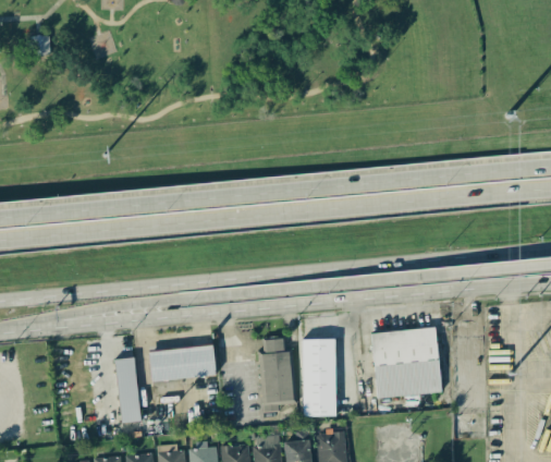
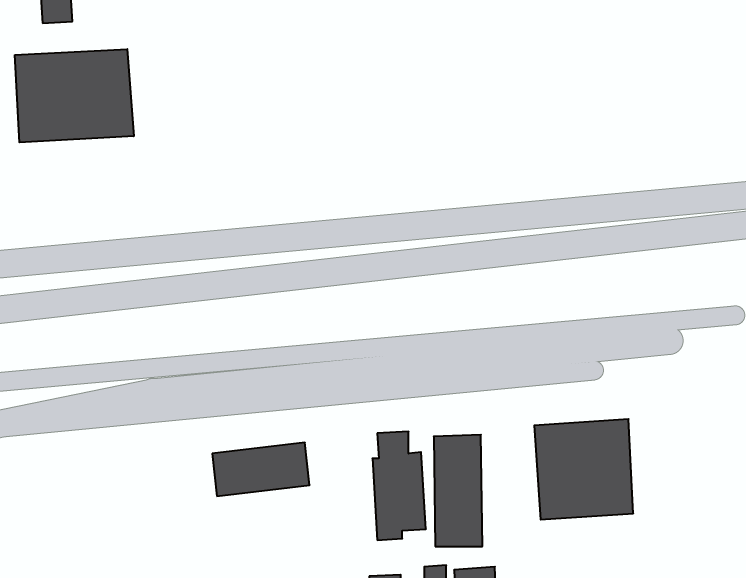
building: none -> [15,49,134,142]
building: [114,357,142,423] -> none

